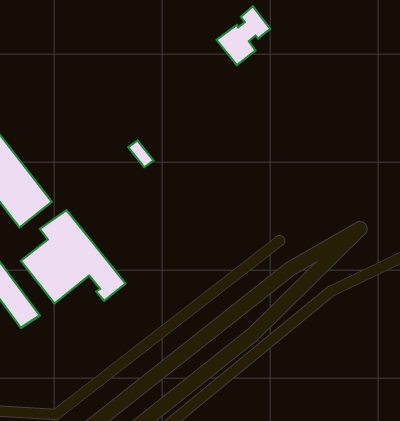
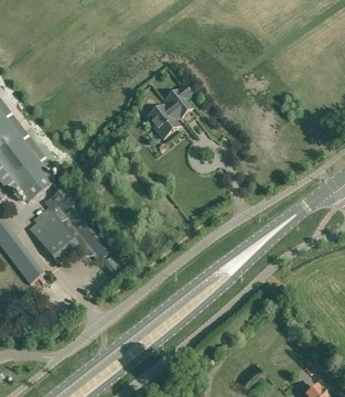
building: [217,6,270,65] -> [145,88,190,137]

